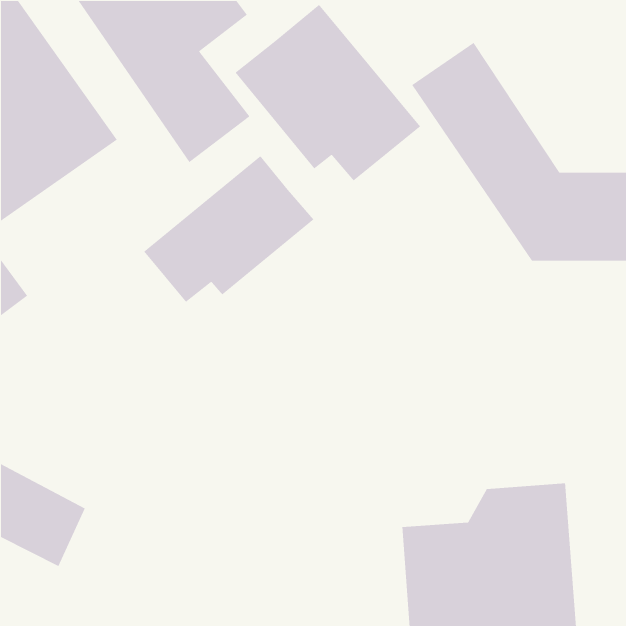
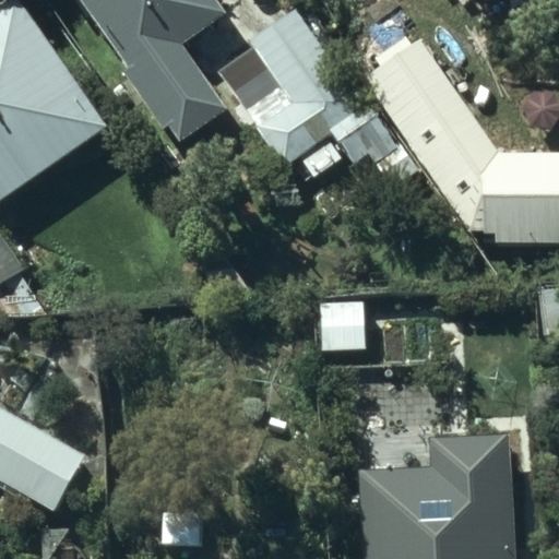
building: [143,155,314,303] -> none

